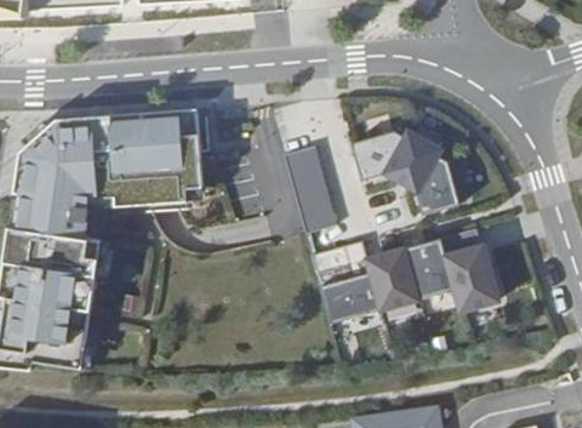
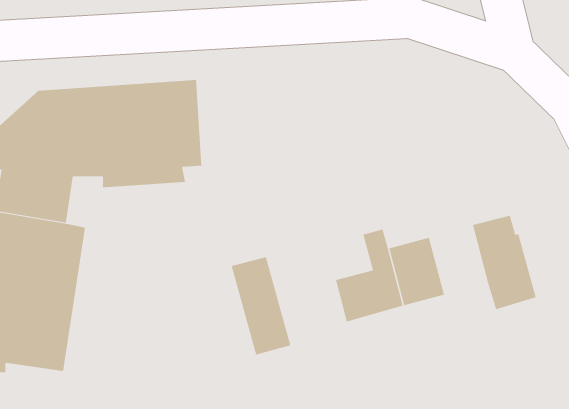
building: [352,132,462,215] -> none
building: [284,148,337,235] -> [231,256,291,355]
building: [404,239,455,301] -> none

